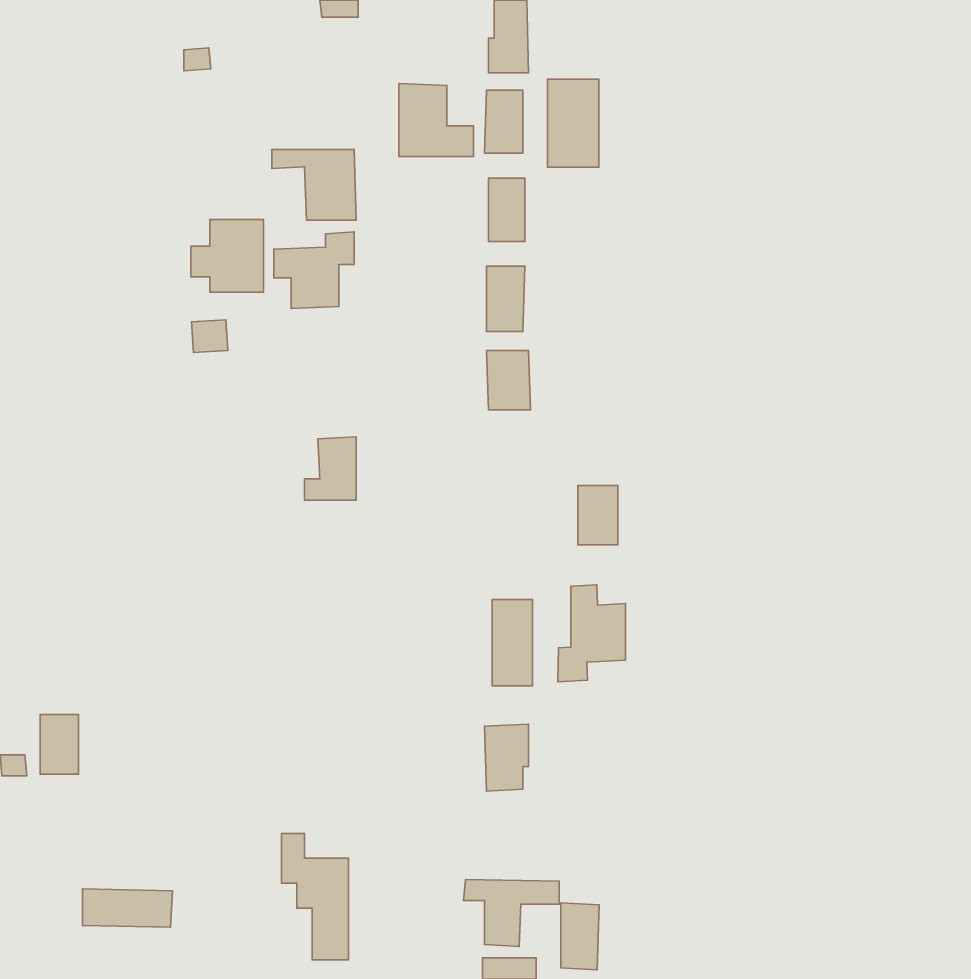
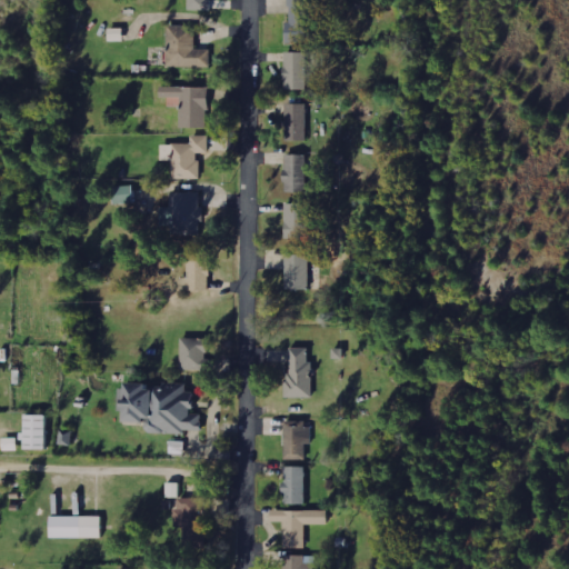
building: [548,79,599,167] -> none
building: [399,84,474,156] -> [164,24,208,67]
building: [191,219,264,292] -> [157,192,199,234]
building: [578,486,618,545] -> [283,254,307,289]
building: none -> [178,338,210,370]
building: [558,585,625,682] -> none
building: none -> [121,382,200,433]
building: [561,903,599,970] -> [281,466,303,505]

